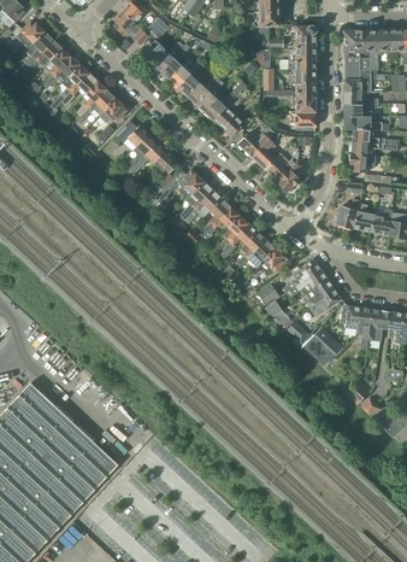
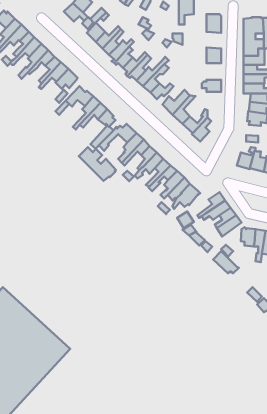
building: [289,48,315,70] -> none
building: [266,89,315,111] -> none
building: none -> [79,147,116,181]

